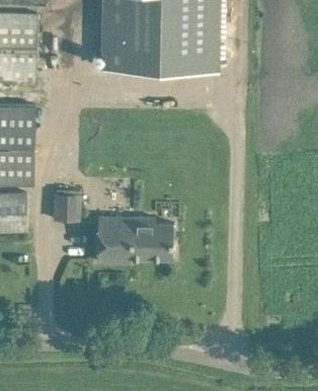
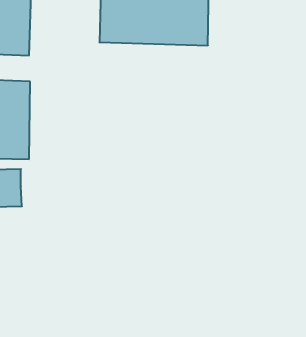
building: [52,193,80,218] -> none
building: [96,215,172,260] -> none

